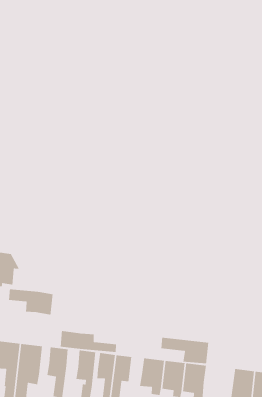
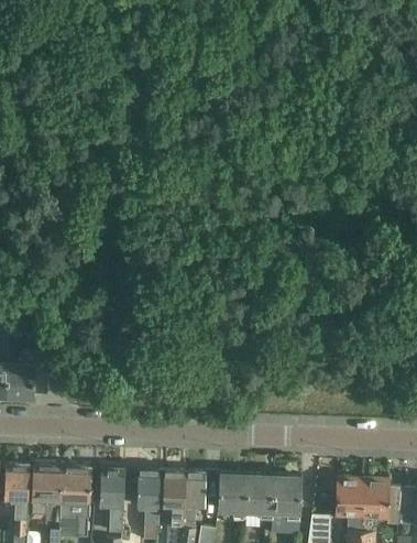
building: [8,289,54,315] -> none
building: [60,330,117,353] -> none
building: [161,337,209,364] -> none

